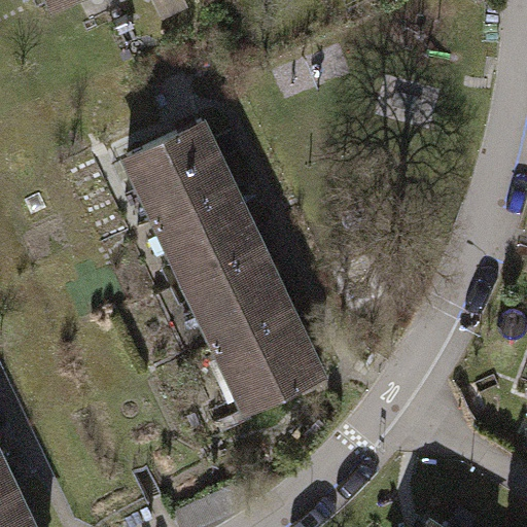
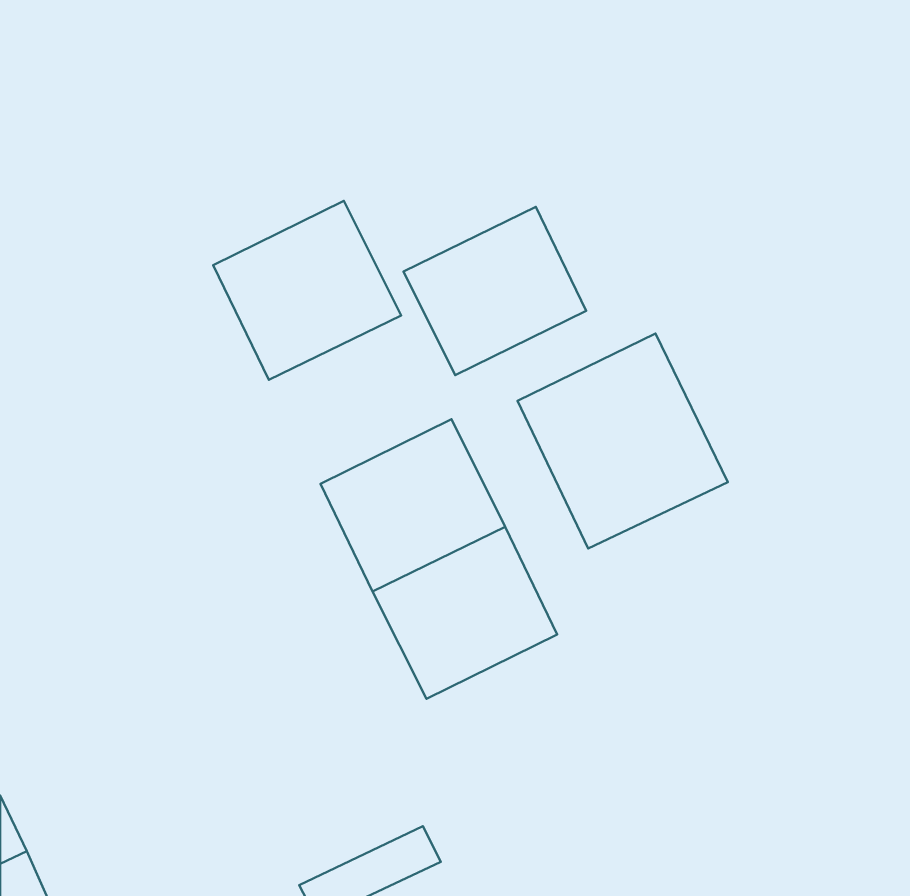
building: [157,192,262,289] -> [403,207,586,375]
building: none -> [517,333,728,548]

